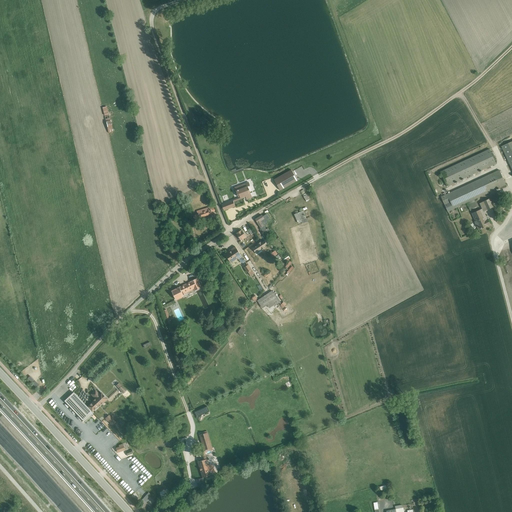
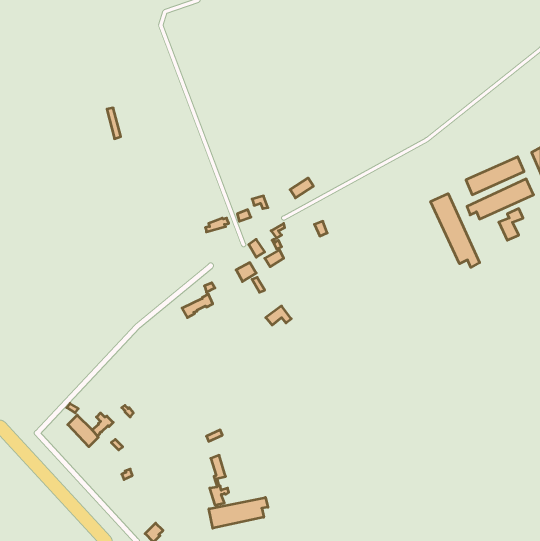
building: none -> [431,194,480,267]
building: none -> [209,497,268,528]

